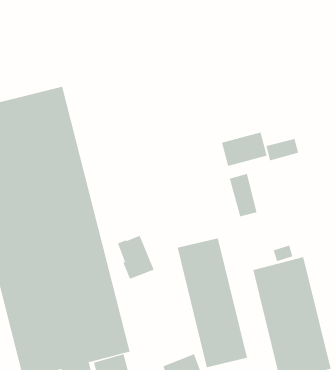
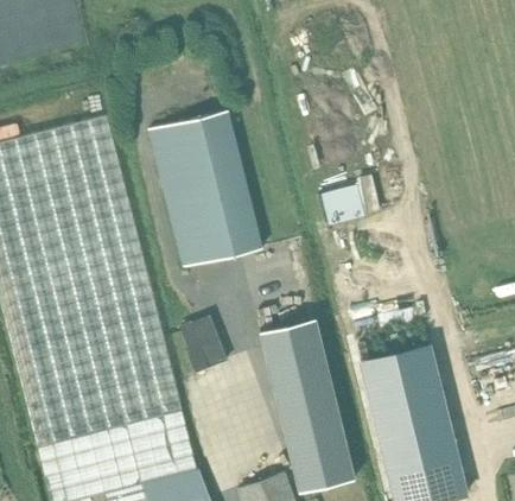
building: none -> [150,110,263,268]
building: [266,138,299,161] -> none
building: [229,173,257,217] -> none

